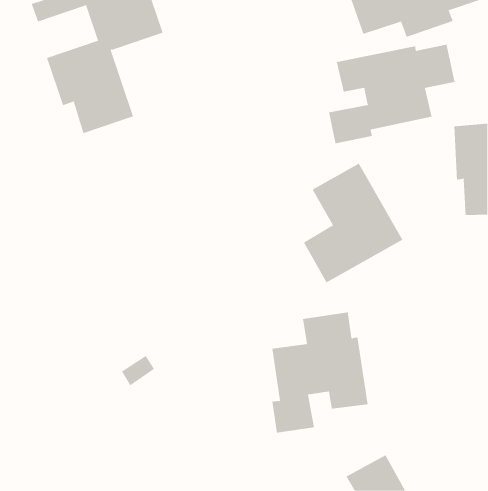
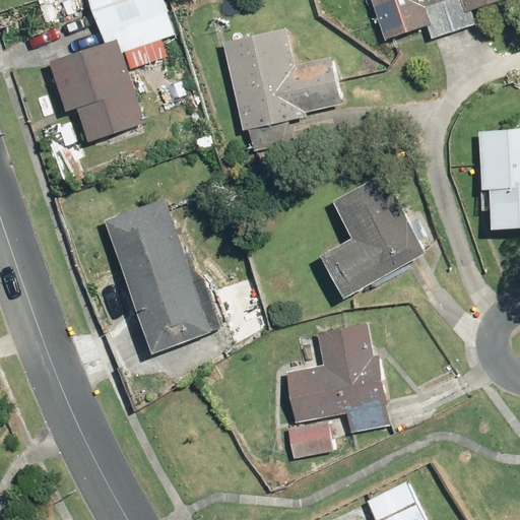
building: none -> [223,29,340,130]
building: [329,44,455,144] -> none
building: none -> [106,199,213,354]

